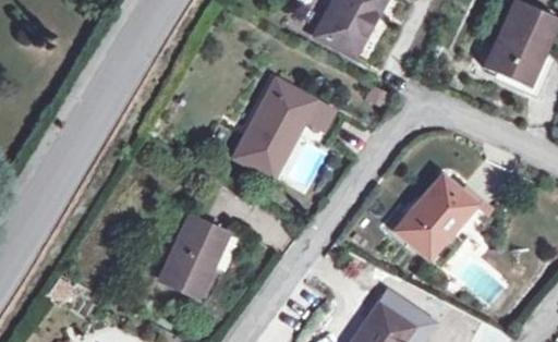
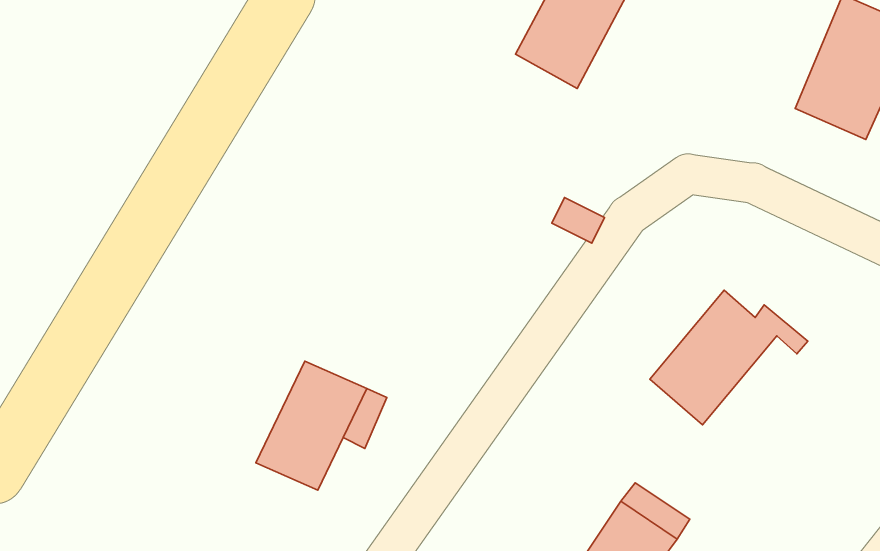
building: [236,80,336,176] -> none

